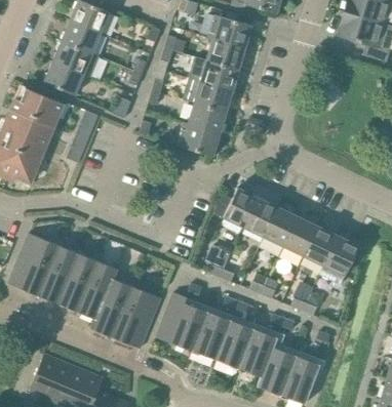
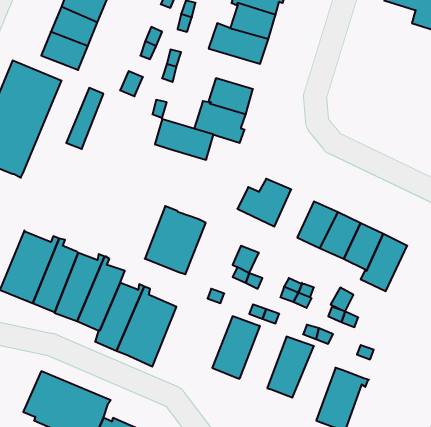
building: [182,77,232,112] -> [155,119,213,160]
building: [244,198,278,239] -> none
building: [156,292,208,351] -> [145,206,206,274]
building: [214,315,254,368] -> none
building: [257,332,297,396] -> none

